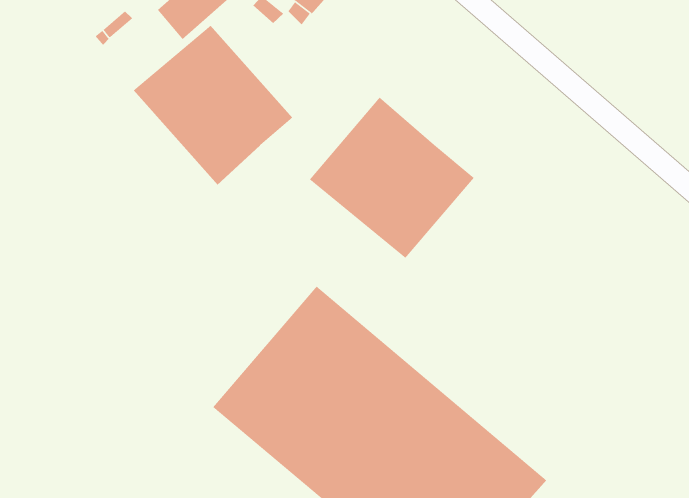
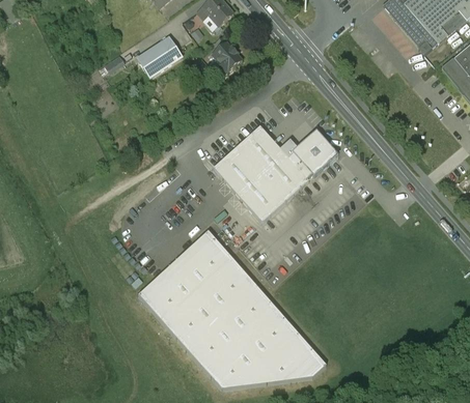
building: [133,25,293,185] -> none
building: none -> [288,131,338,179]

